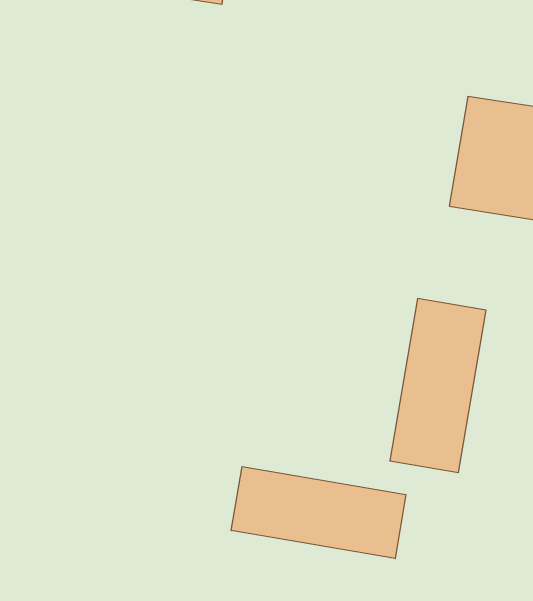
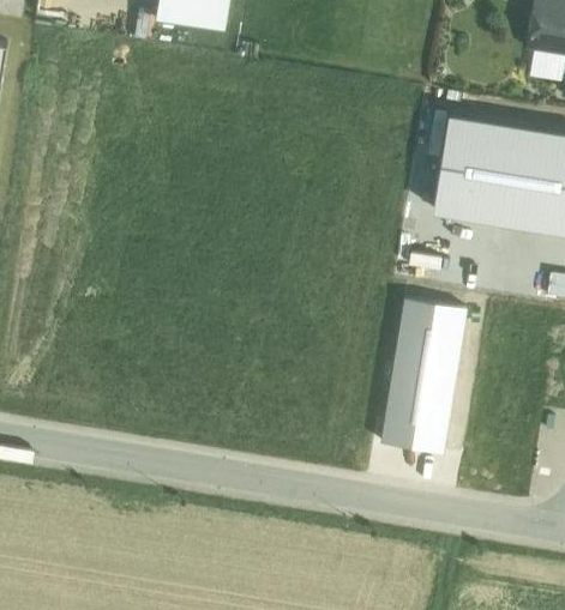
building: [231,467,406,559] -> none

